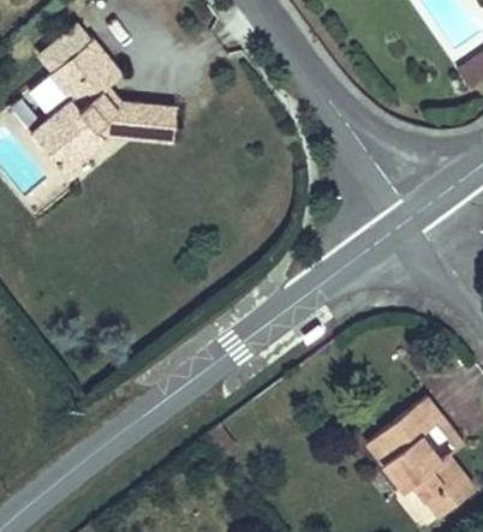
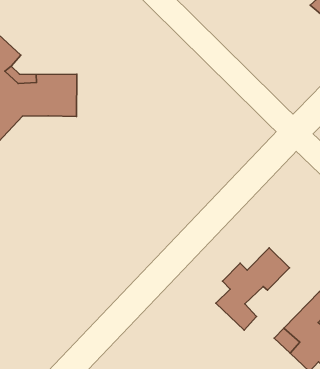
building: none -> [216,248,290,330]

